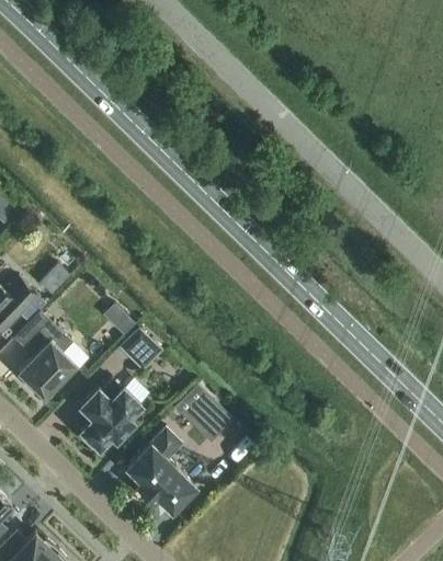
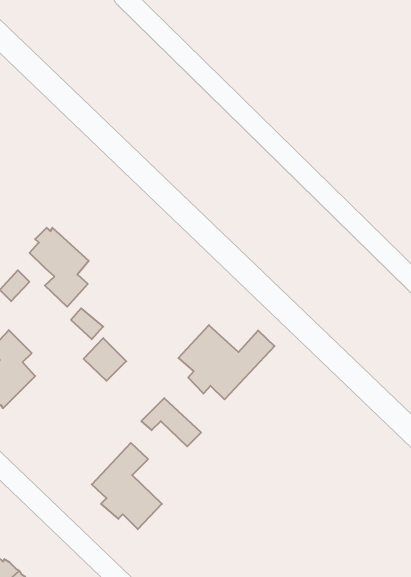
building: none -> [30,228,89,307]
building: none -> [178,325,275,399]
building: [79,380,140,450] -> none

